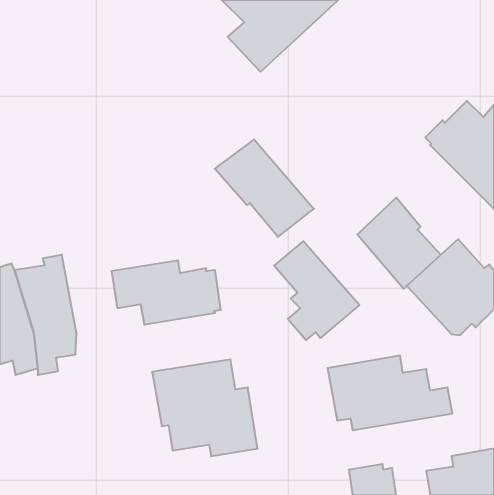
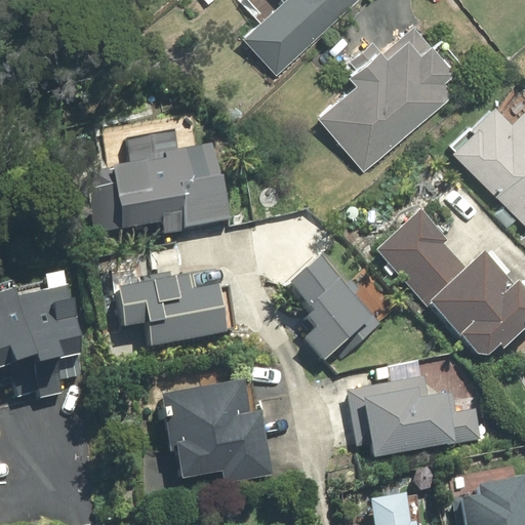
building: none -> [320,25,459,169]
building: none -> [89,112,229,231]
building: [215,139,314,237] -> none

